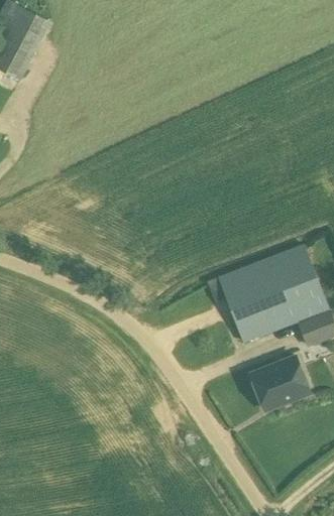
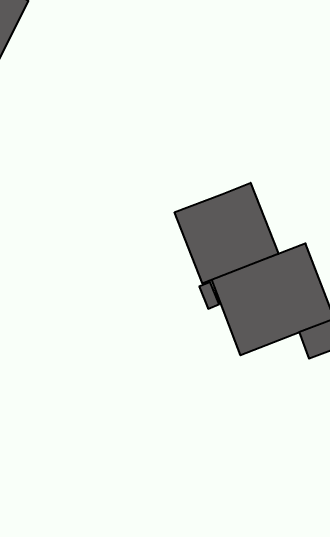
building: none -> [175,183,279,283]
building: [249,356,309,410] -> none

